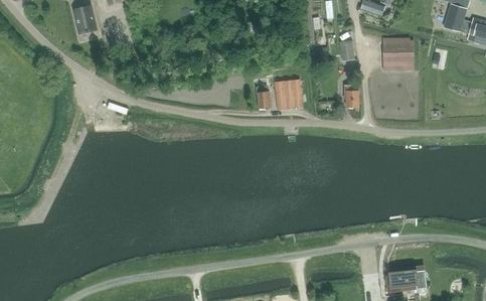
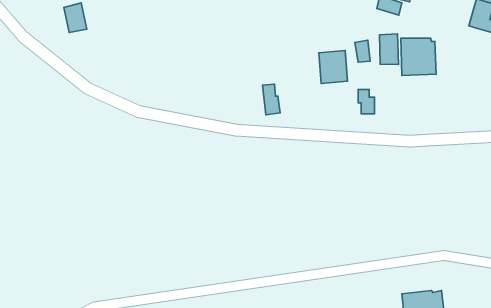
building: none -> [379,34,398,64]
building: [276,80,302,110] -> [319,51,347,83]

